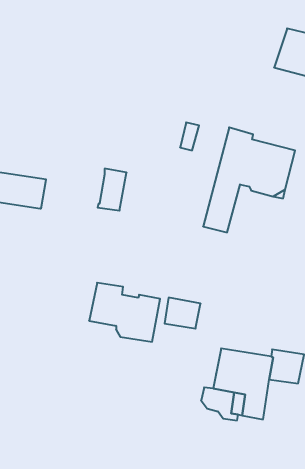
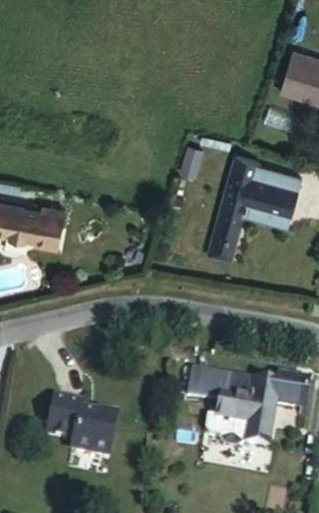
building: [98,169,127,211] -> [40,201,69,243]
building: [89,283,160,342] -> [46,398,117,457]
building: [165,298,201,329] -> [187,371,223,402]

